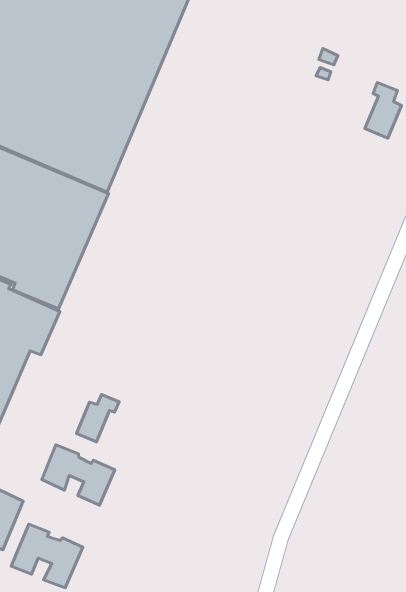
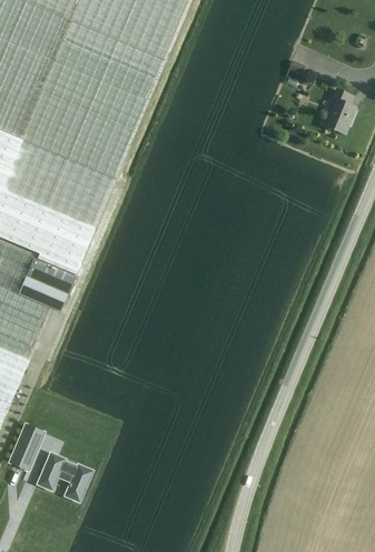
building: [76,394,119,442] -> none
building: [42,445,115,505] -> none

